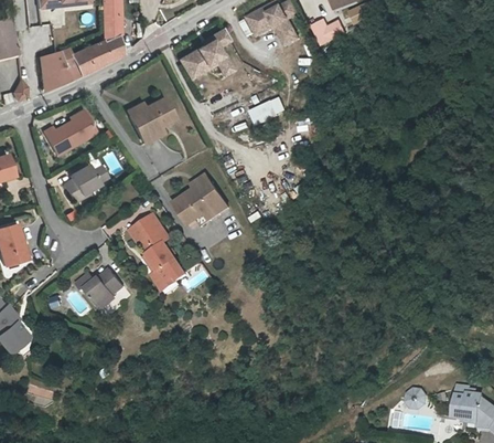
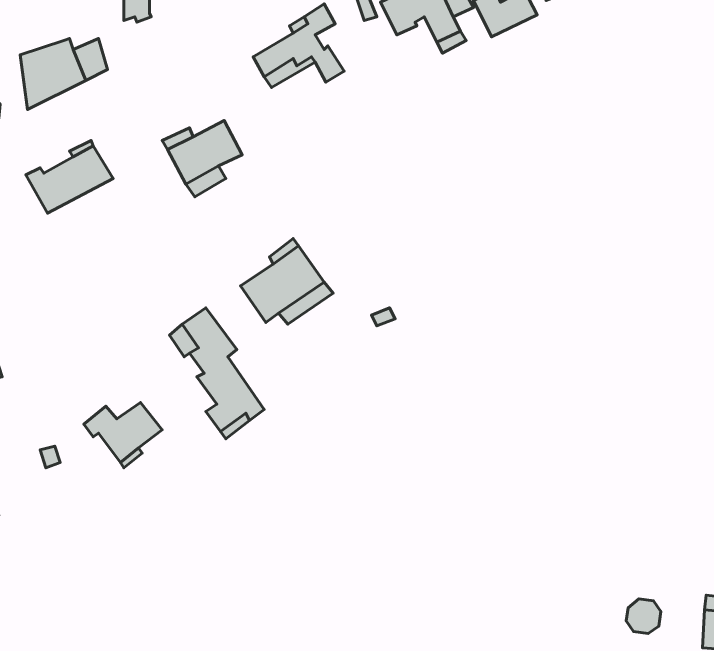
building: [86,35,122,67] -> none
building: [250,98,286,127] -> none
building: [62,165,106,202] -> none

